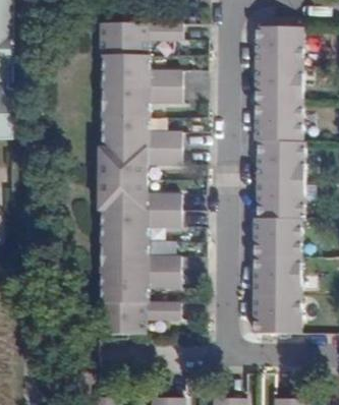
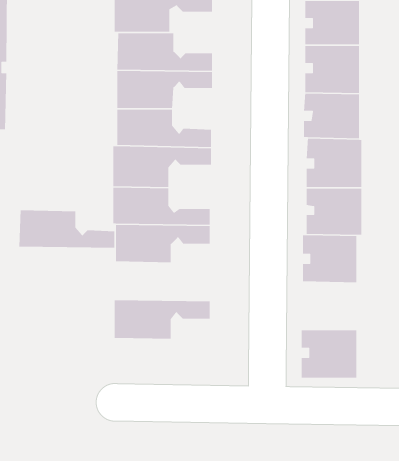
building: [101,238,179,270] -> [19,210,115,248]
building: [252,254,298,293] -> none
building: [99,300,179,333] -> none

